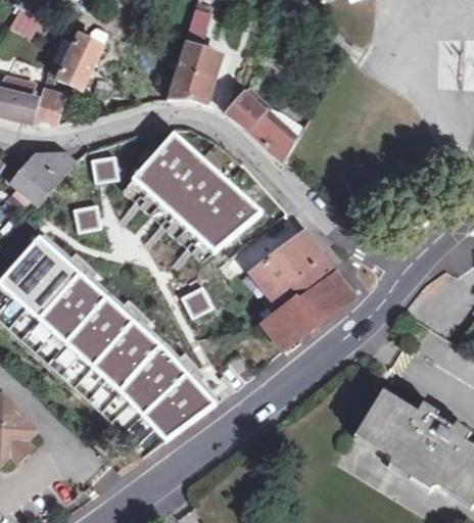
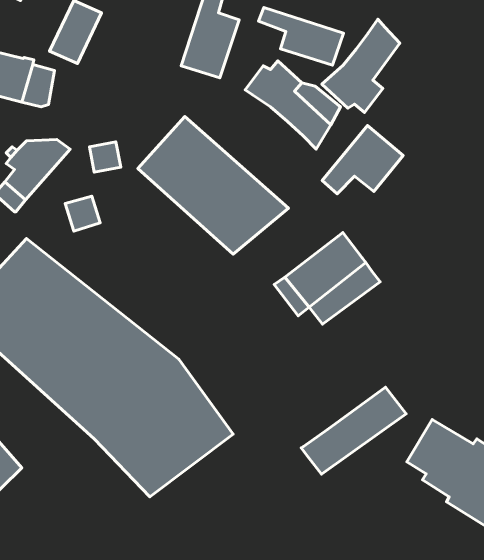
building: none -> [259,7,343,65]
building: none -> [322,19,400,112]
building: none -> [322,126,403,194]
building: [266,273,354,346] -> [301,387,406,474]

